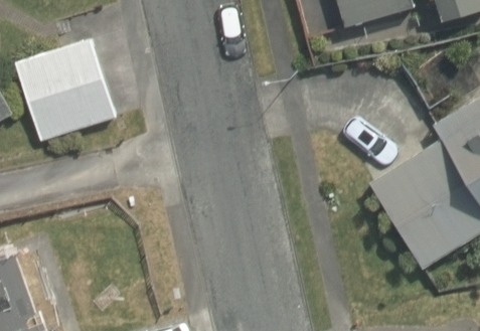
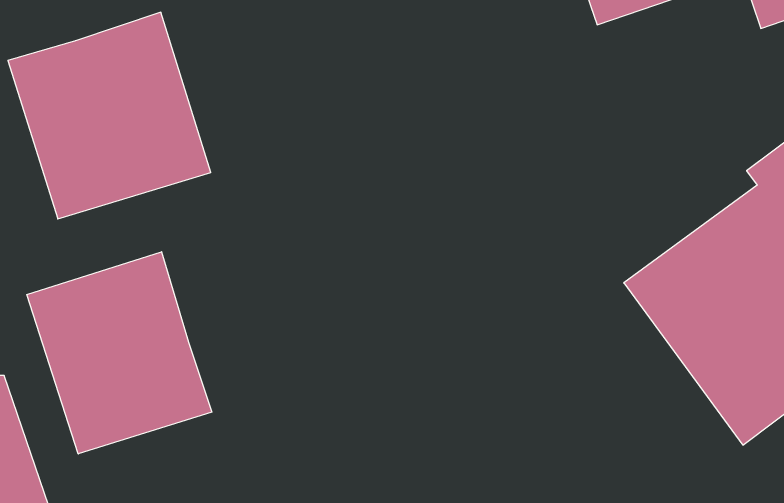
building: none -> [27,252,212,454]

